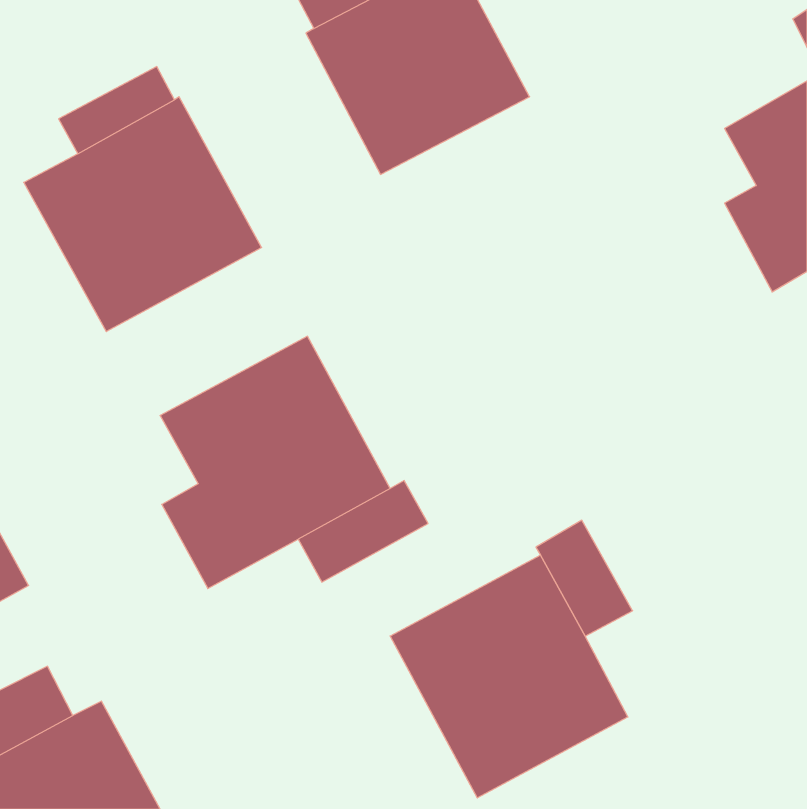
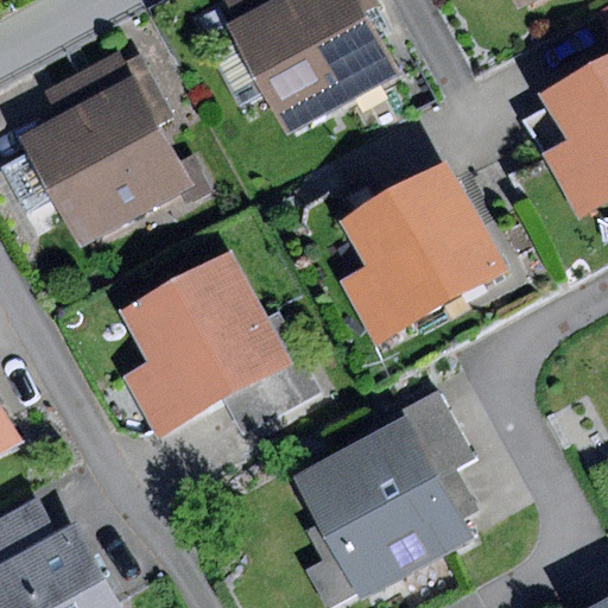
building: none -> [338,162,506,344]

